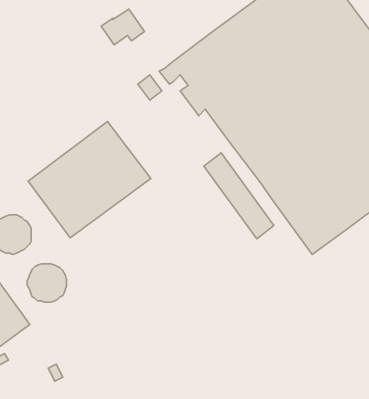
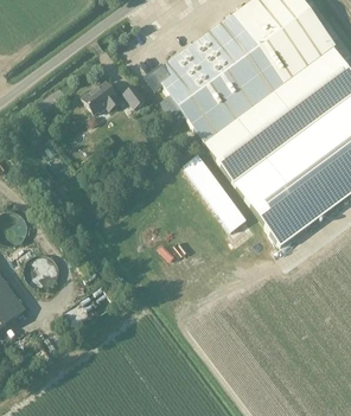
building: [101,9,145,45] -> [84,79,123,111]
building: [28,121,151,238] -> none

